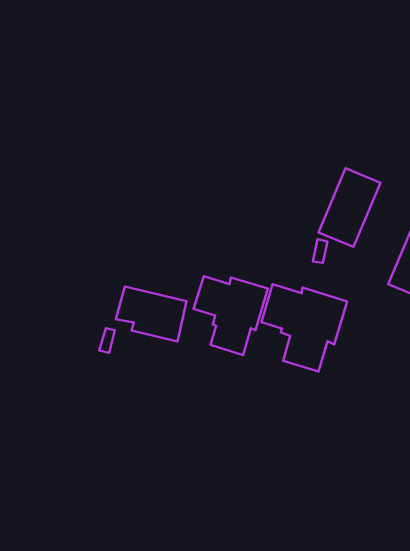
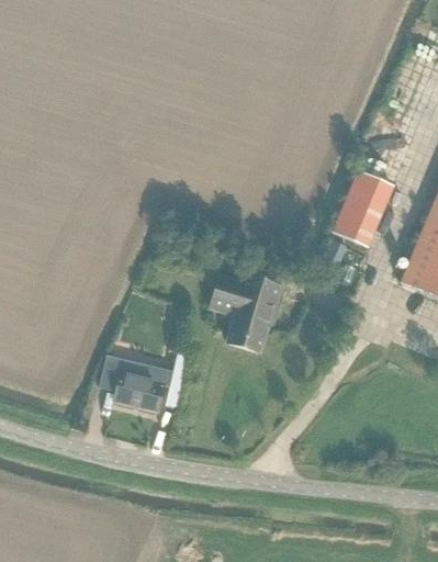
building: [261,284,347,371] -> none
building: [116,286,187,342] -> [98,356,167,409]

